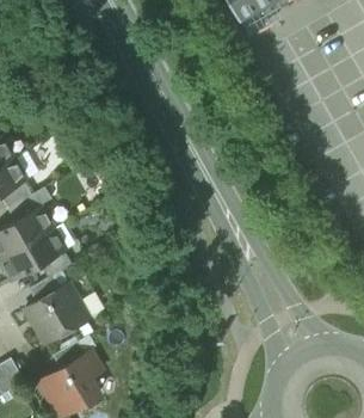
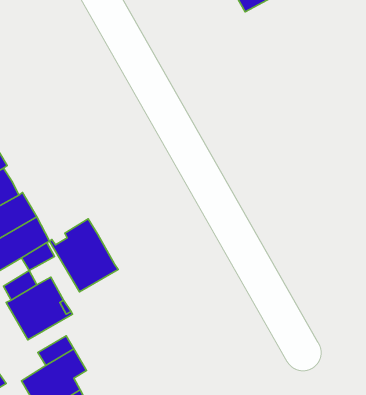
building: none -> [50,219,118,292]

